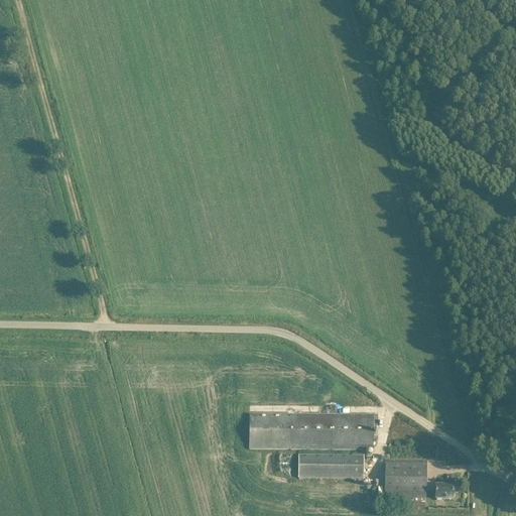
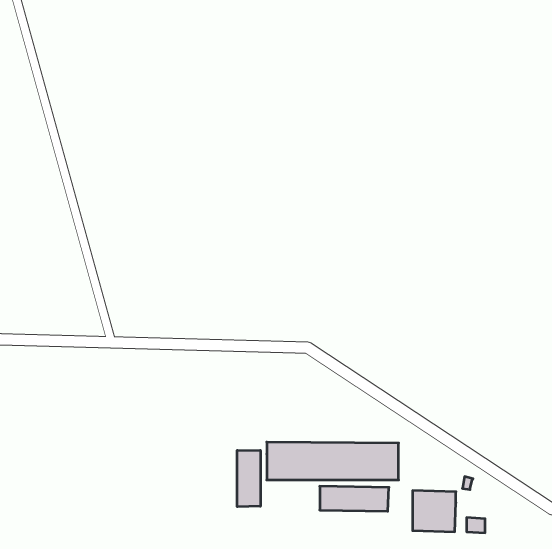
building: none -> [237,450,260,507]

